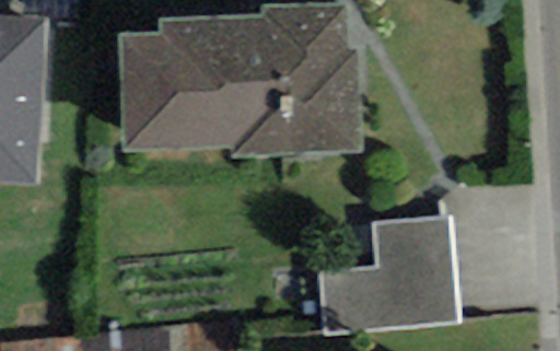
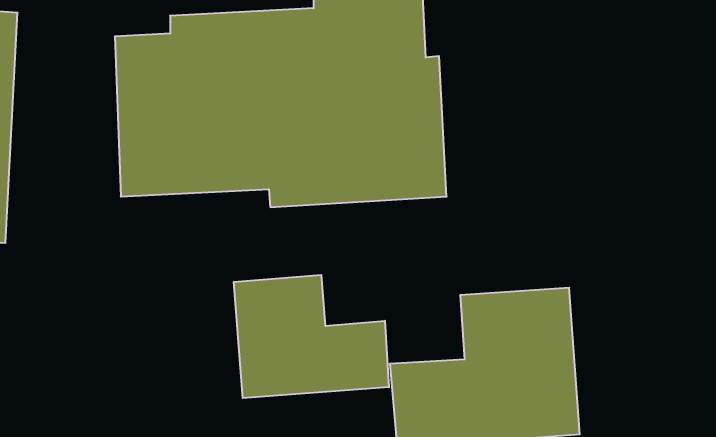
building: none -> [234,275,389,398]

